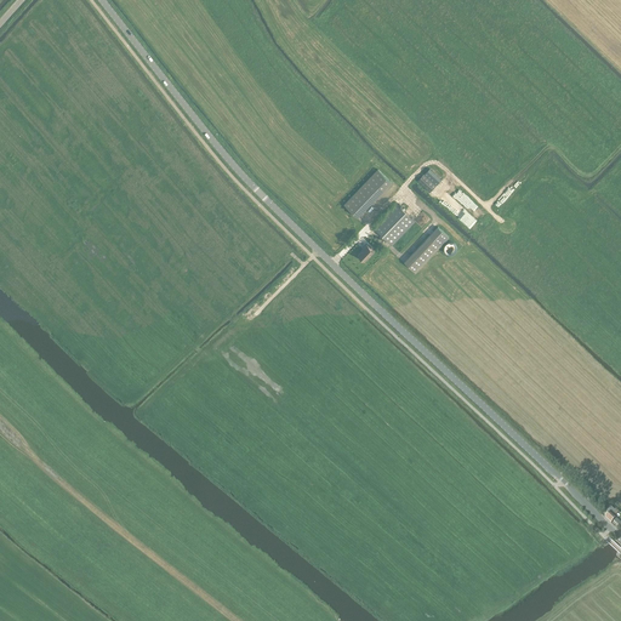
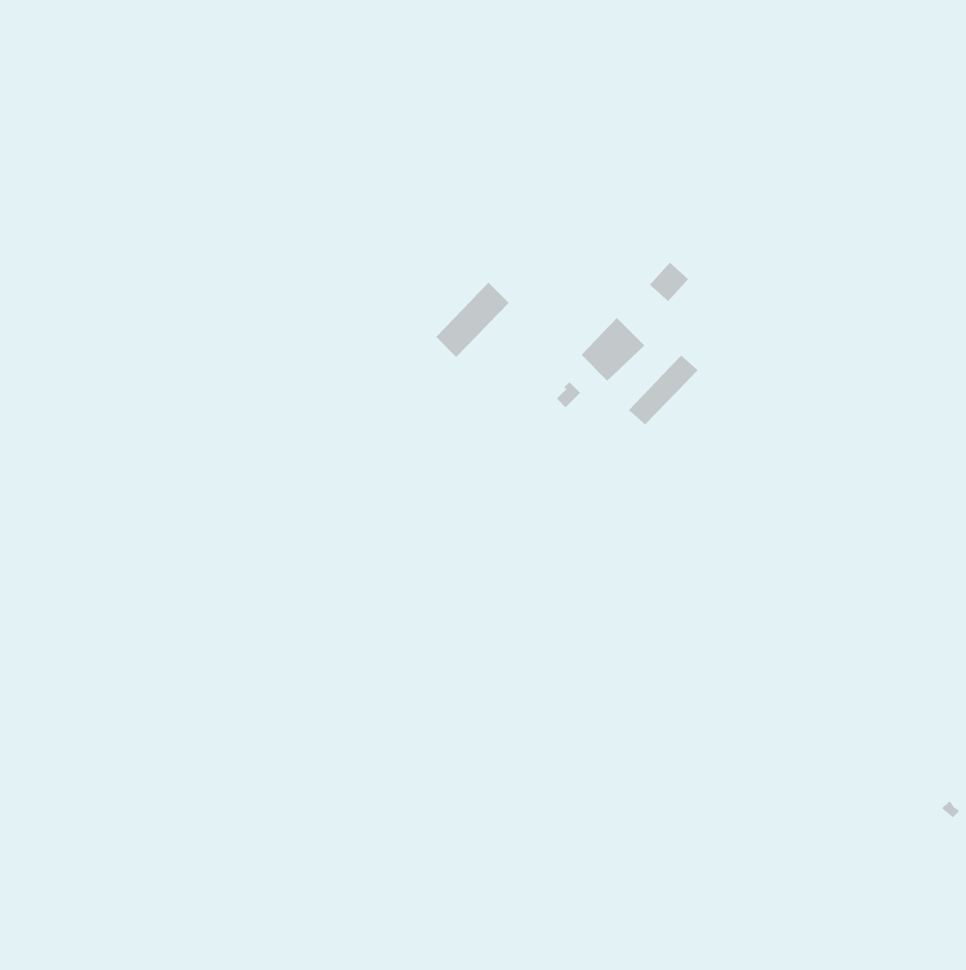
building: [342,169,389,217] -> [435,282,509,358]

